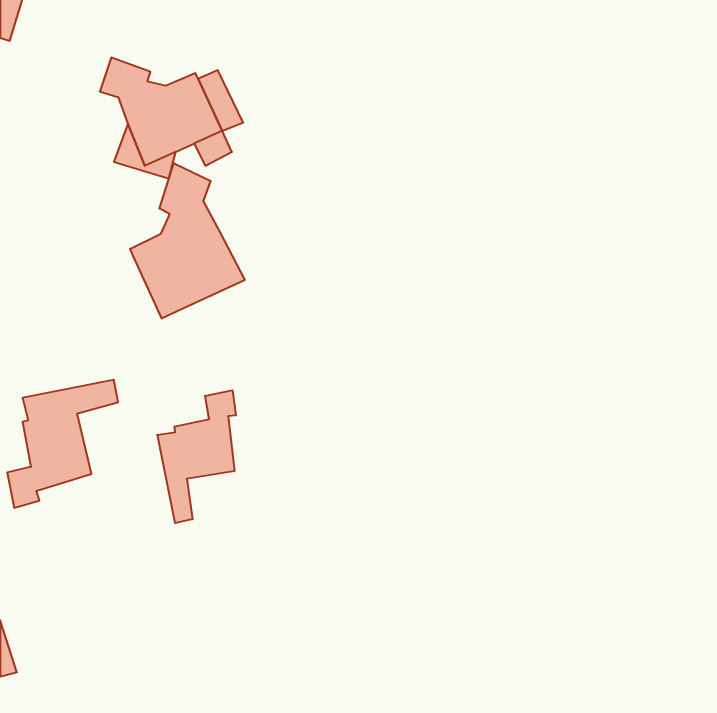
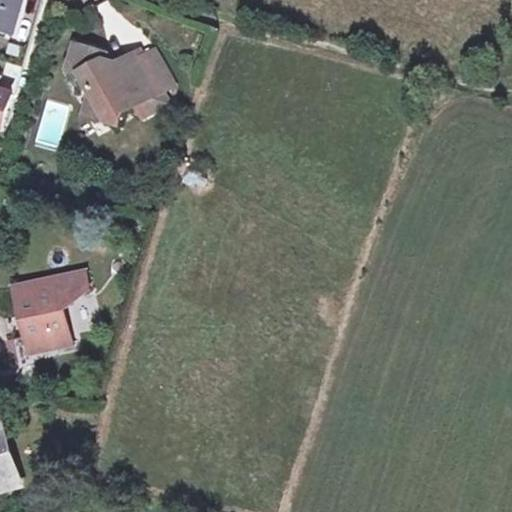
building: [130,163,245,319] -> none
building: [157,390,236,523] -> none

